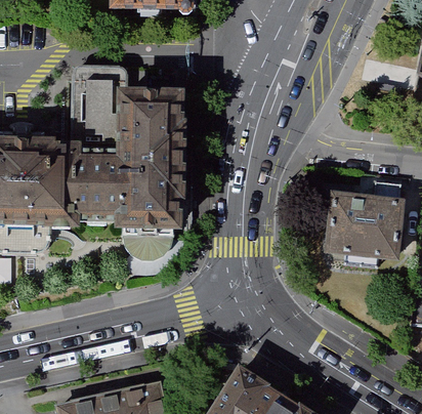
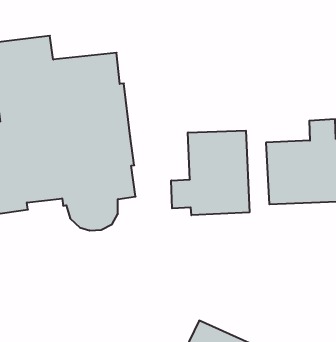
building: none -> [171,131,249,215]

